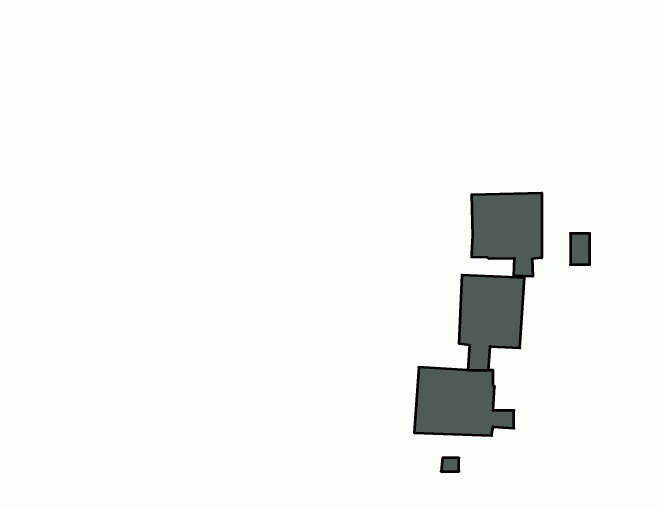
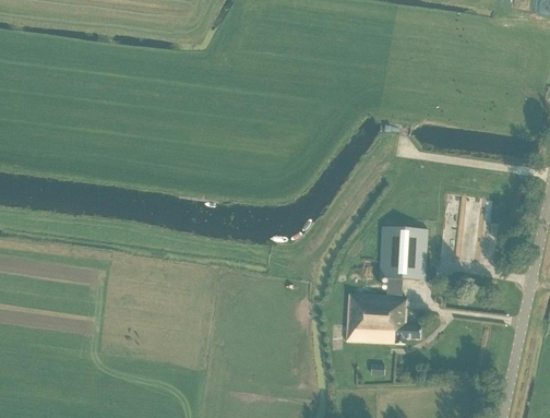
building: [472,193,542,276] -> none

